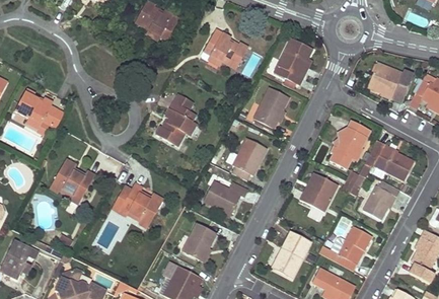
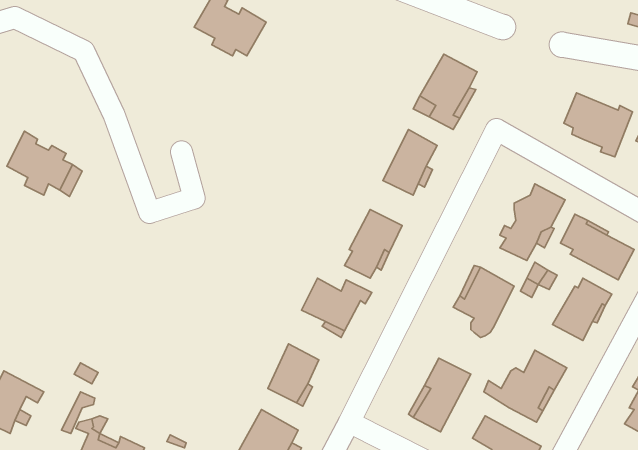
building: [203,28,248,68] -> none
building: [156,92,197,146] -> none
building: [50,159,95,203] -> none
building: [112,182,163,228] -> none

